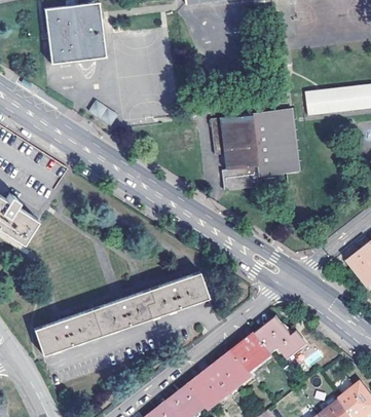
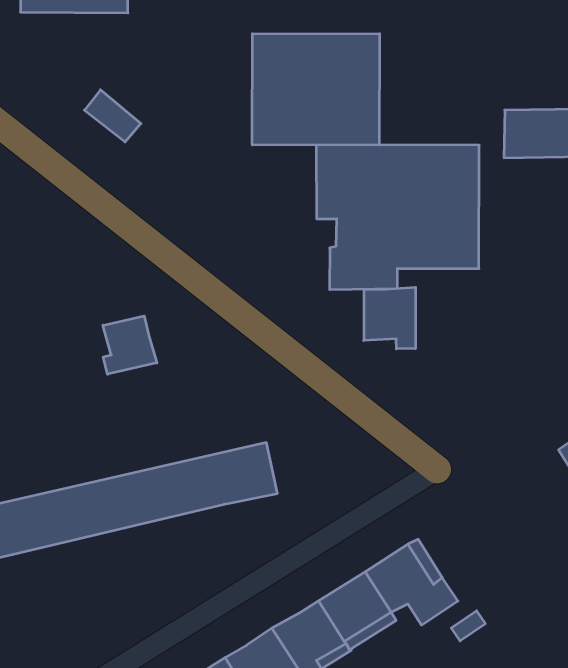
building: none -> [252,34,380,145]
building: none -> [364,287,416,349]
building: none -> [103,316,157,374]

